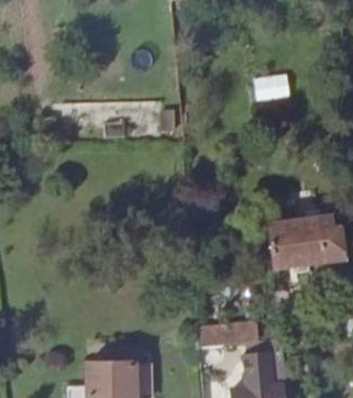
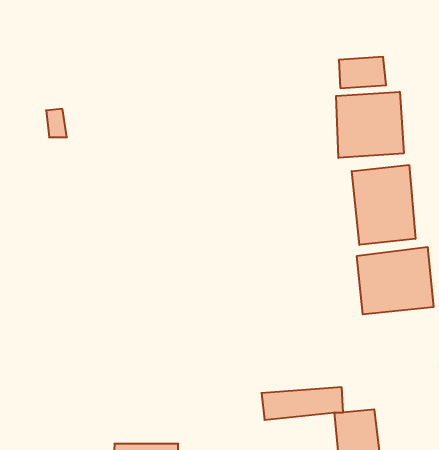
building: none -> [336,92,404,158]
building: none -> [352,165,415,245]

